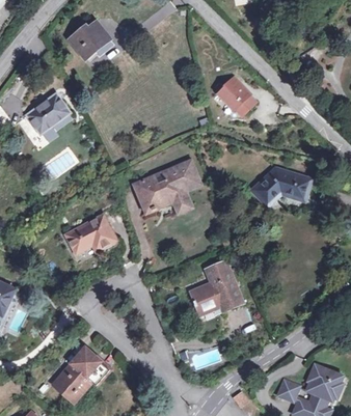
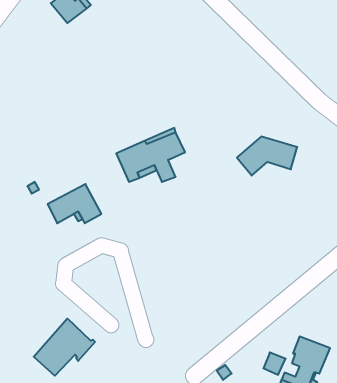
building: [217,76,256,115] -> none
building: [26,92,69,133] -> none
building: [189,259,243,314] -> none

